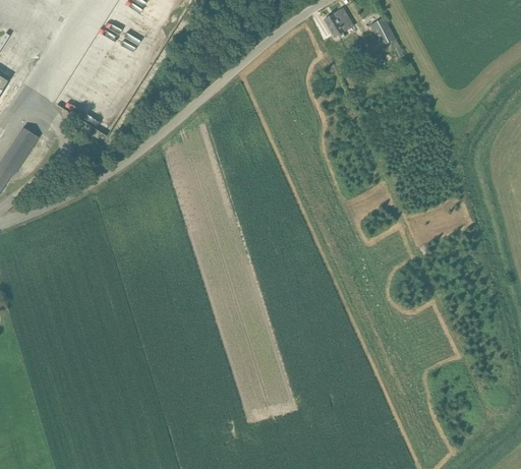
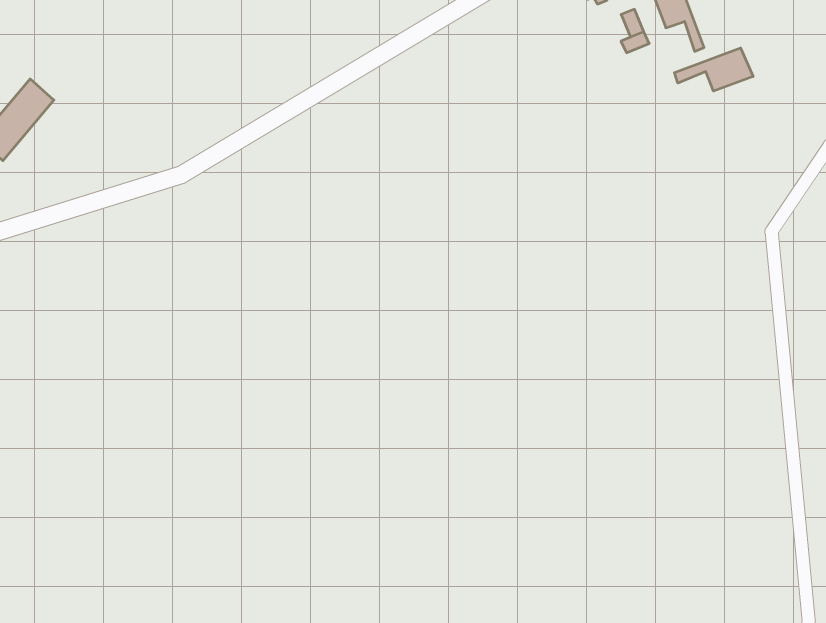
building: none -> [674,48,753,91]

